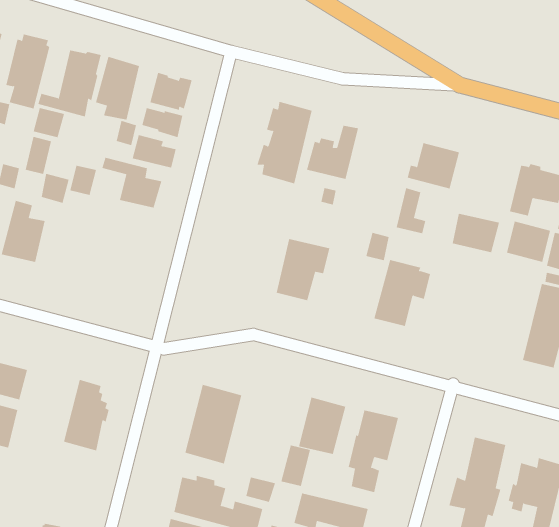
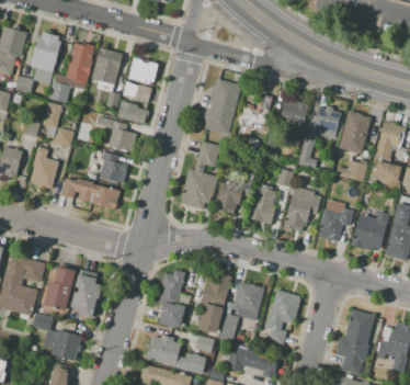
building: none -> [278,97,307,148]
building: none -> [338,110,369,155]
building: none -> [181,141,219,208]
building: none -> [99,152,128,183]
building: none -> [60,178,119,210]
building: none -> [249,183,276,225]
building: none -> [317,199,351,244]
building: none -> [350,211,389,252]
building: none -> [43,265,76,310]
building: none -> [197,271,231,332]
building: none -> [32,314,80,363]

